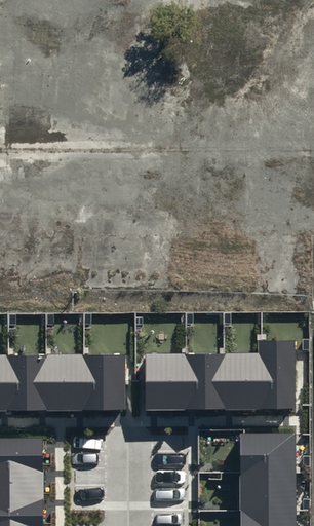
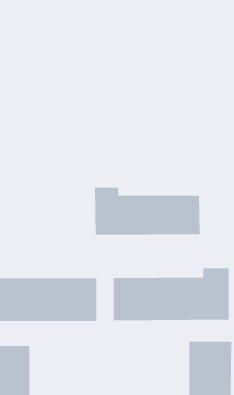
building: none -> [94,187,200,235]

